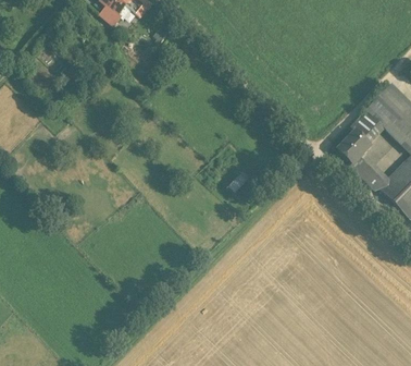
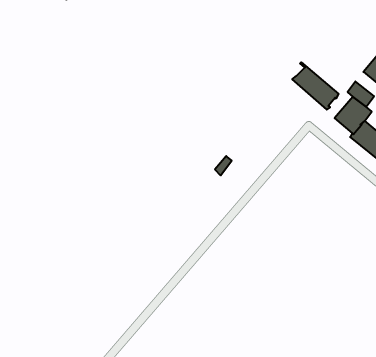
building: none -> [292,62,339,110]

